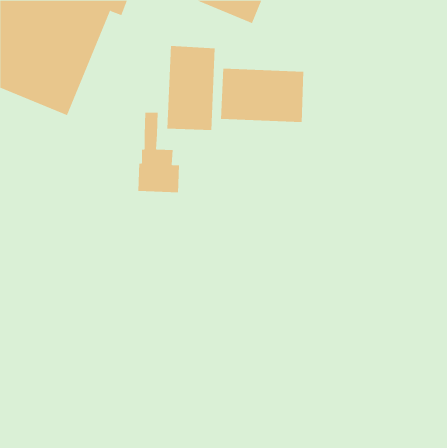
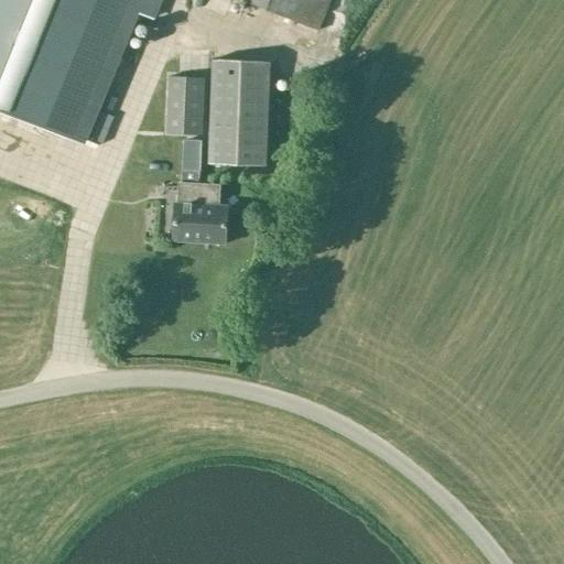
building: none -> [165,77,203,135]
building: [221,68,304,123] -> none

